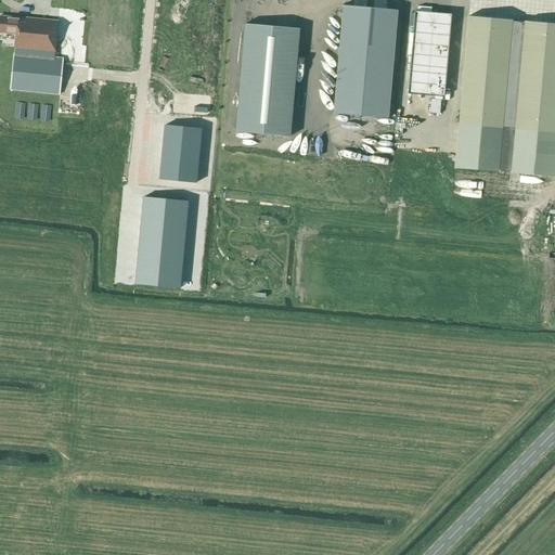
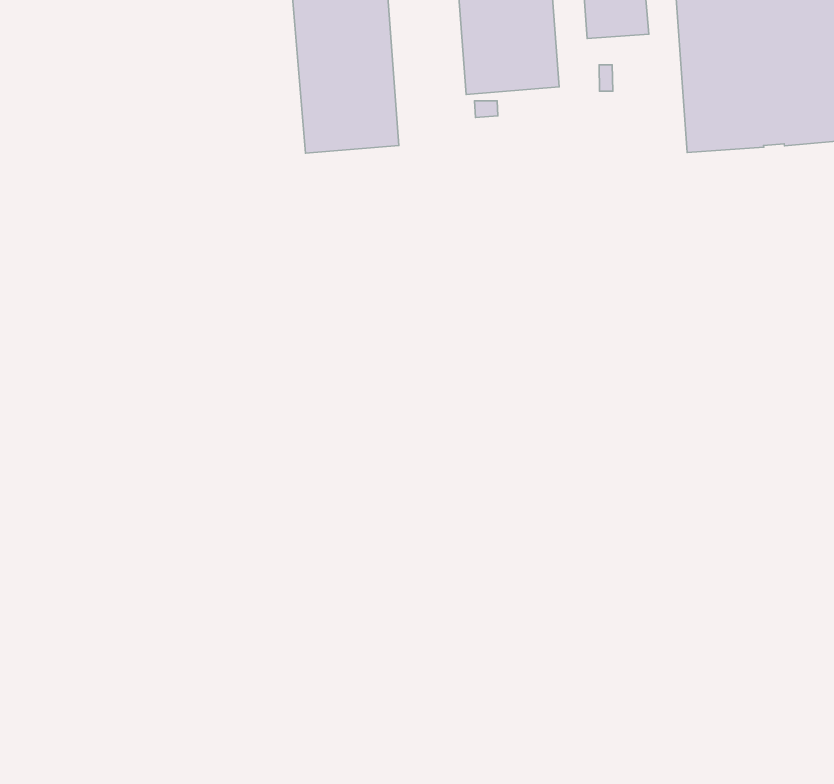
building: [160,125,202,182] -> none
building: [135,195,188,285] -> none

